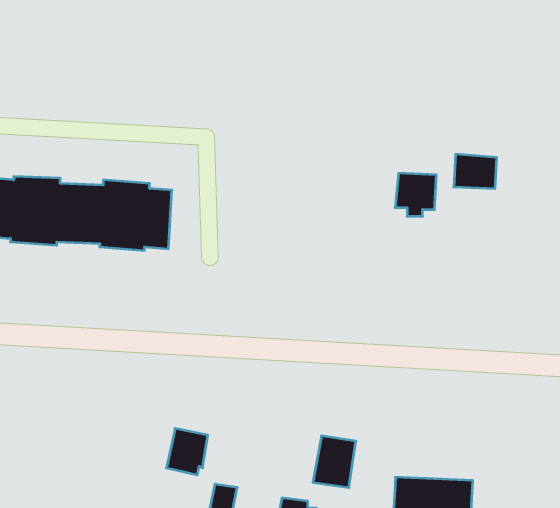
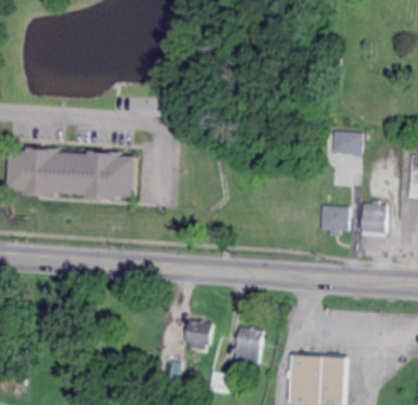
building: [395,173,436,216] -> [320,207,349,237]
building: none -> [361,200,386,238]
building: [166,428,208,475] -> [183,319,211,351]

